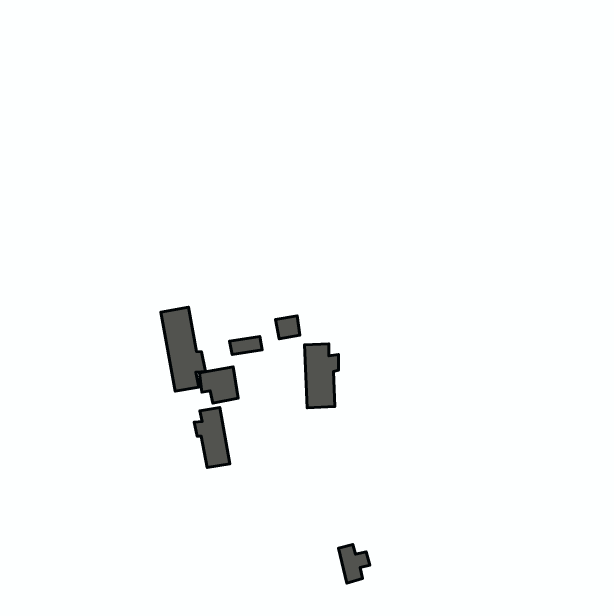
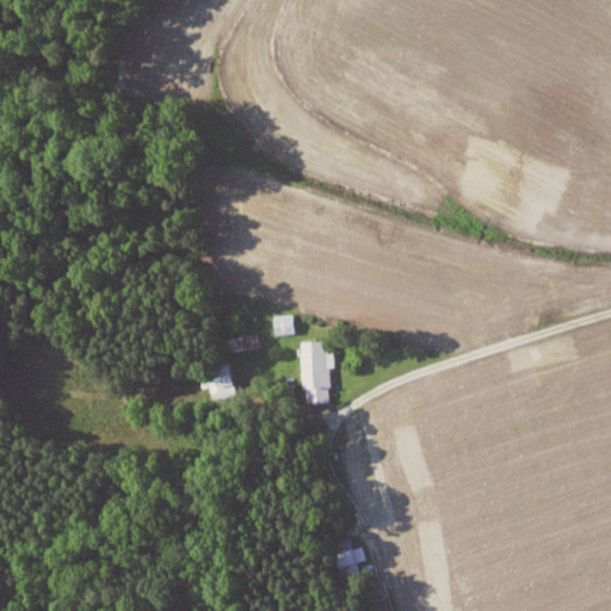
building: [161,307,205,391] -> none
building: [194,407,230,468] -> none

